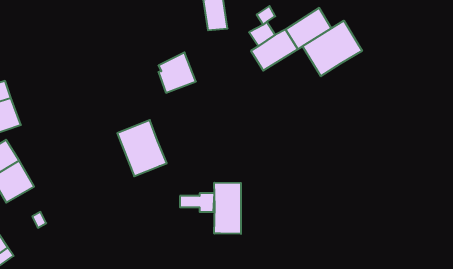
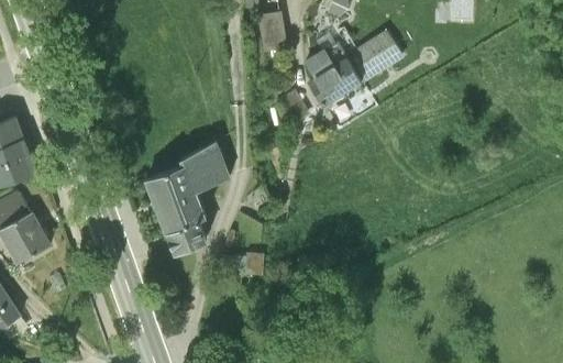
building: [303,21,362,76] -> none
building: [158,52,196,93] -> [187,143,231,190]
building: none -> [168,220,207,253]
building: [214,183,241,234] -> none

